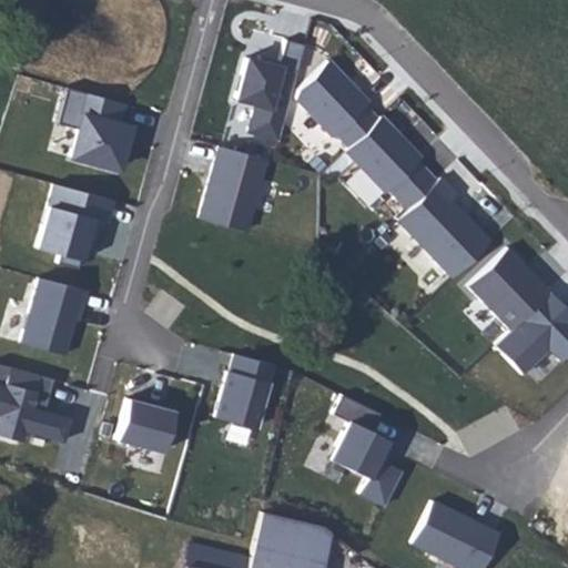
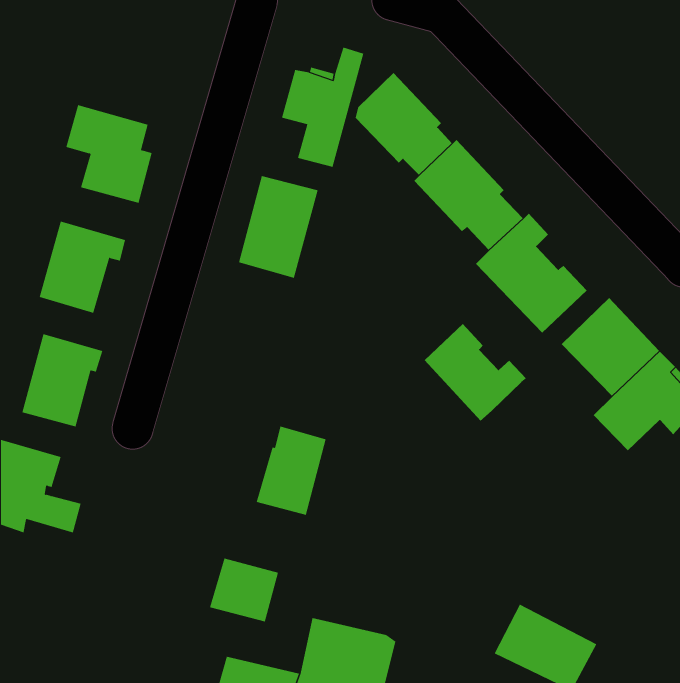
building: none -> [424,323,527,422]
building: [331,395,403,507] -> none
building: [116,399,174,453] -> [209,558,279,622]

